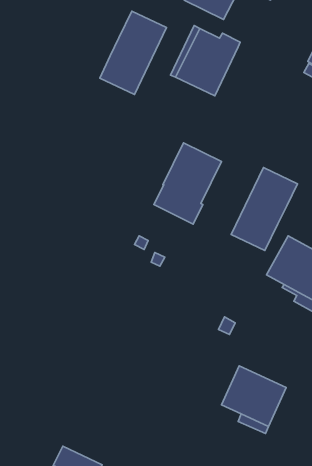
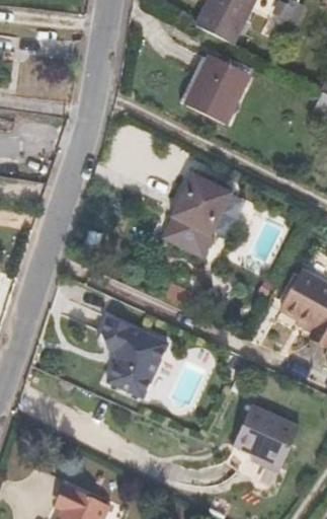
building: [100,11,167,94] -> none
building: [231,168,297,251] -> none
building: none -> [100,315,166,396]

